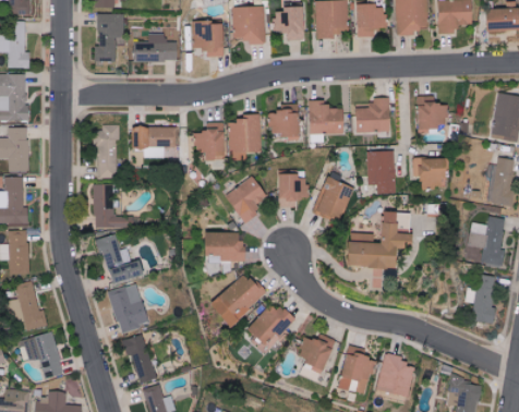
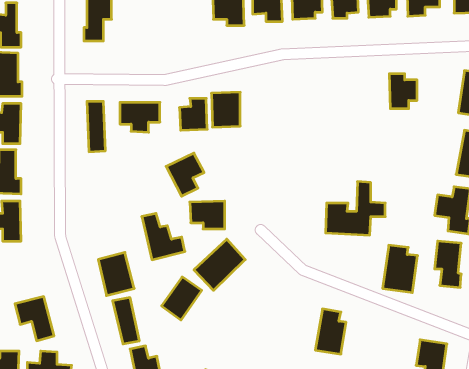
building: [191,23,224,58] -> none
building: [133,34,177,62] -> none
building: [355,97,390,132] -> none
building: [309,99,343,142] -> none
building: [269,104,300,135] -> none
building: [366,150,396,194] -> none
building: [411,157,446,187] -> none
building: [279,171,306,207] -> none
building: [312,177,352,222] -> none
building: [226,178,266,223] -> [166,153,204,196]
building: [93,184,133,228] -> none
building: [98,235,144,284] -> [142,213,185,260]
building: [14,282,46,330] -> none
building: [249,301,291,347] -> [162,277,202,320]
building: [298,335,335,383] -> none
building: [374,353,411,403] -> [383,245,418,293]

